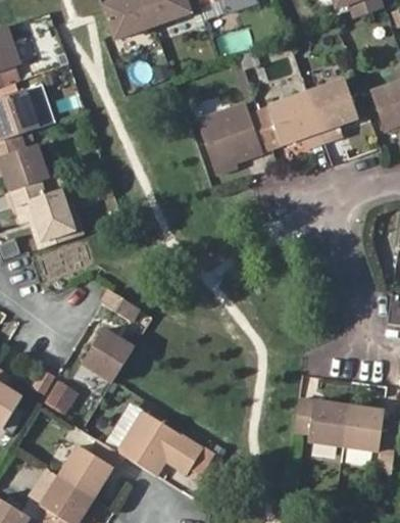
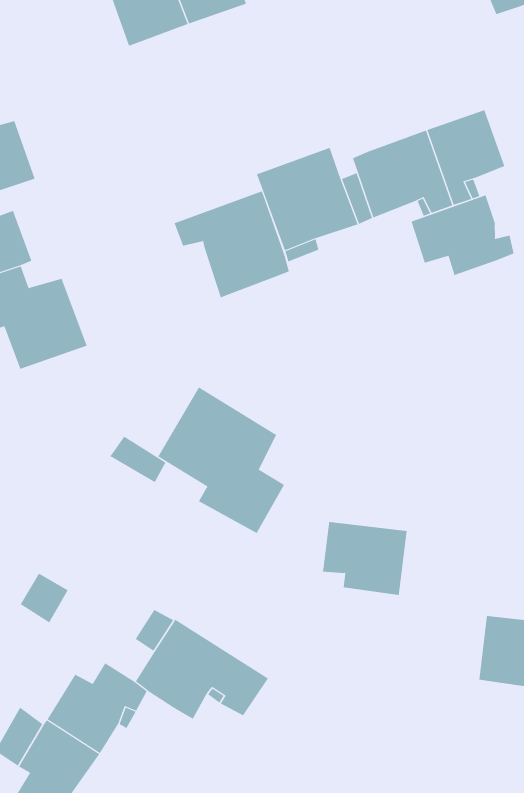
building: none -> [174,190,290,298]
building: none -> [411,194,514,276]
building: none -> [158,387,285,534]
building: [85,330,136,383] -> none
building: [291,400,346,448] -> [322,521,407,595]

